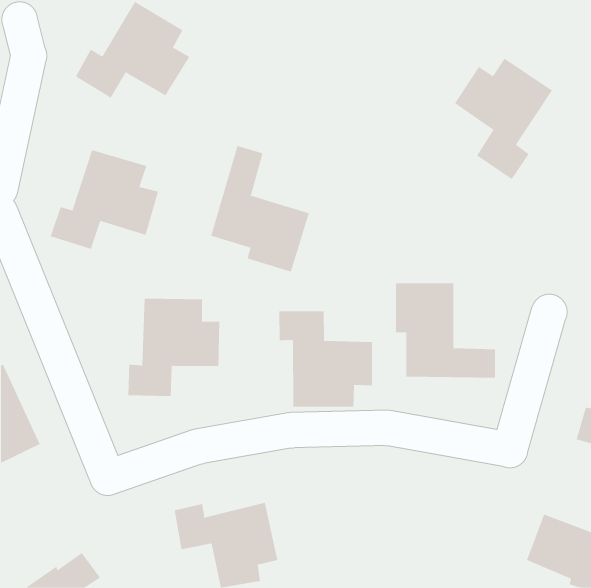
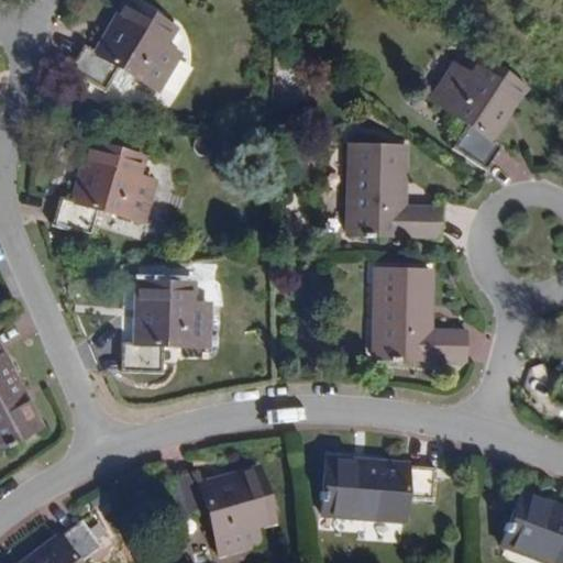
building: [210,145,309,272] -> none
building: none -> [349,142,445,231]
building: [279,310,372,407] -> none
building: none -> [317,456,433,520]

